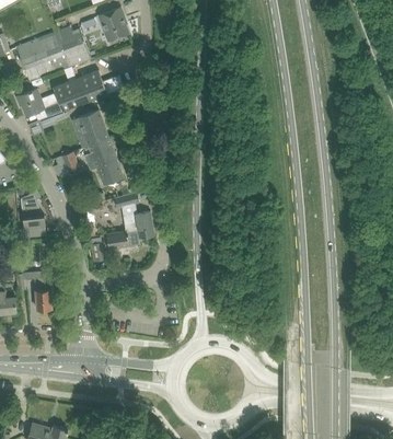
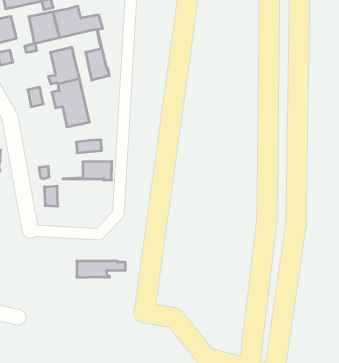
building: none -> [86,29,109,80]
building: [106,229,153,250] -> [77,261,125,277]

